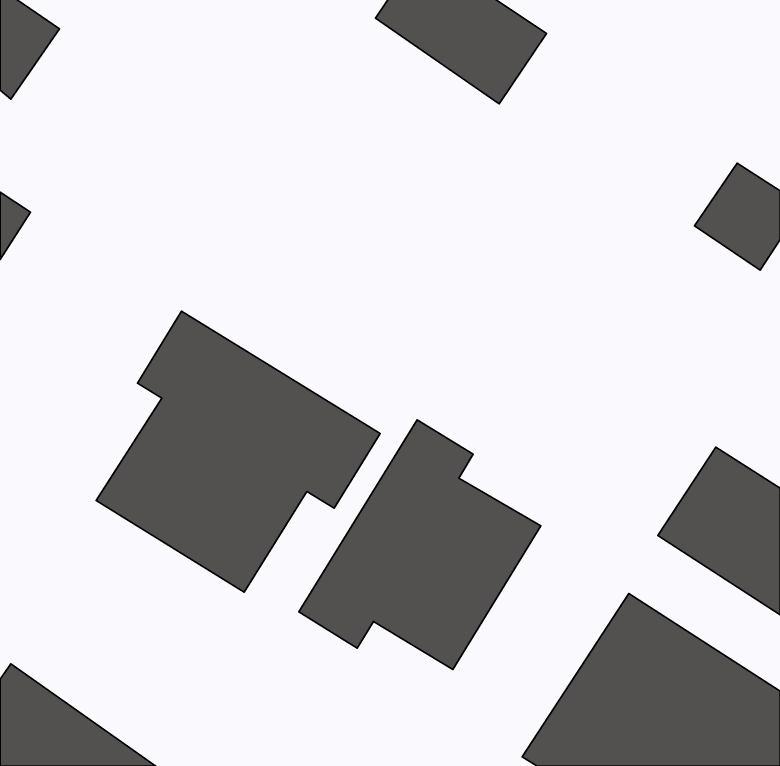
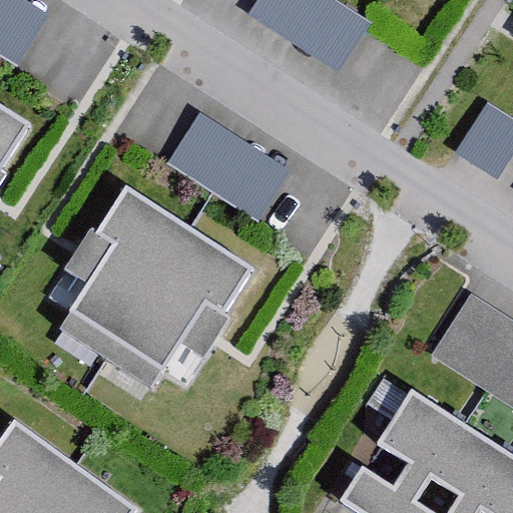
building: none -> [165,113,278,214]
building: [299,420,541,670] -> none

